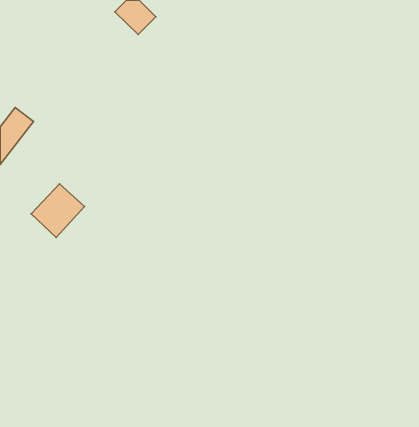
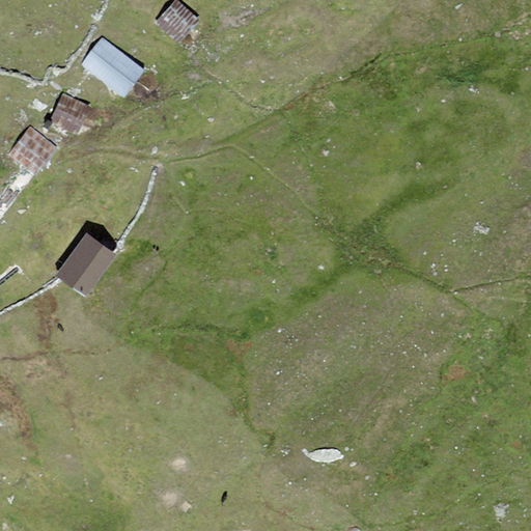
building: none -> [82,35,146,96]
building: none -> [48,92,91,138]

